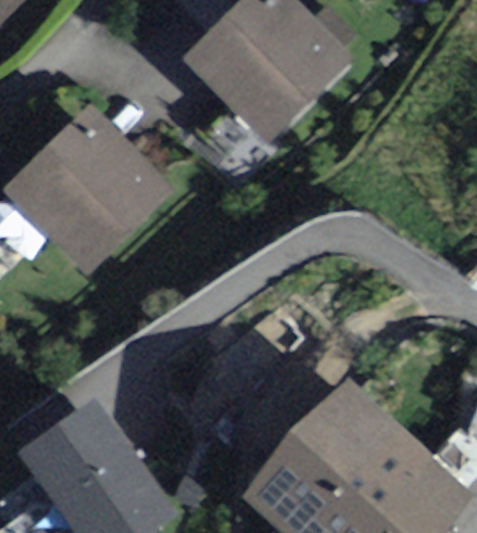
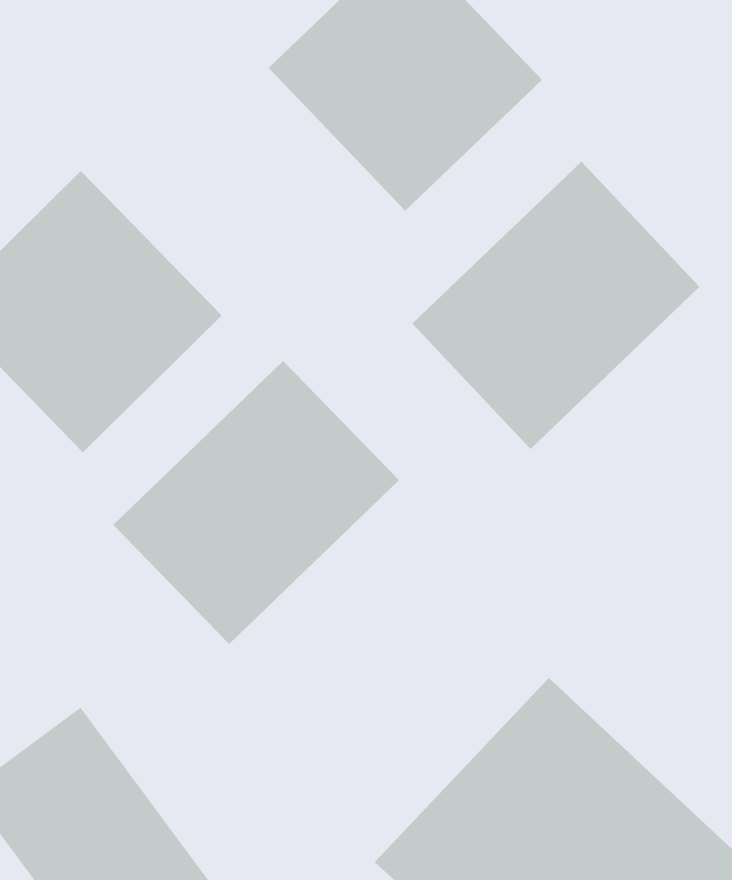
building: none -> [412,161,700,450]
building: none -> [112,360,400,645]

